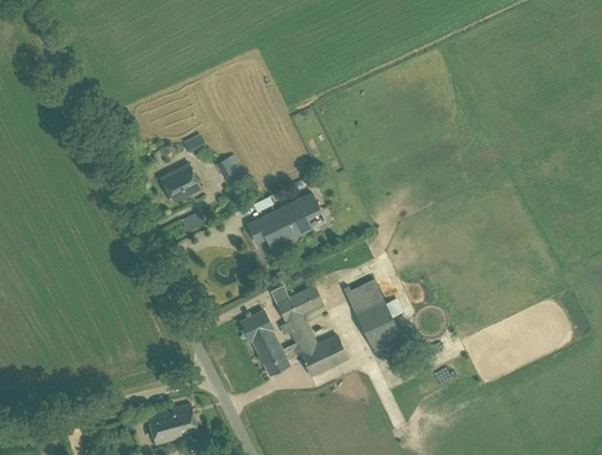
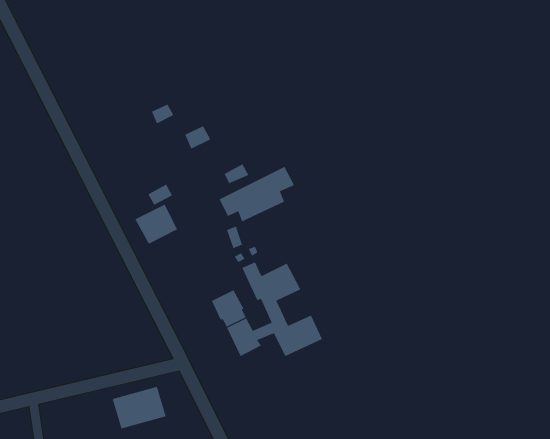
building: [160,163,201,202] -> [135,204,178,245]
building: [343,278,406,359] -> none

